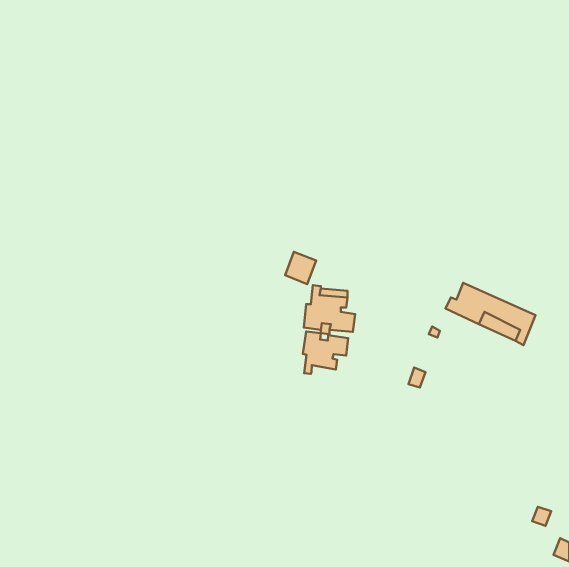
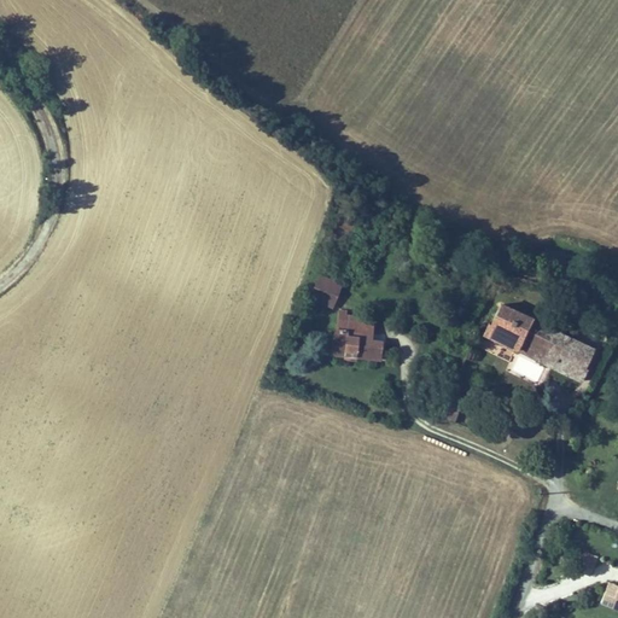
building: none -> [567,342,596,383]
building: [303,331,348,374] -> none

